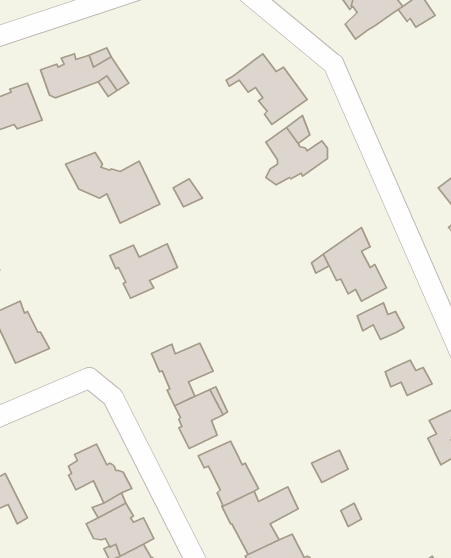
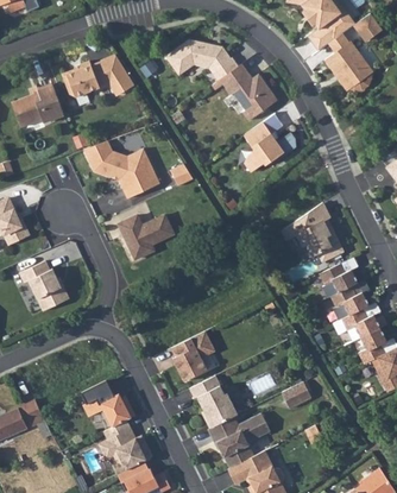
building: none -> [323,33,371,91]
building: none -> [165,37,238,80]
building: none -> [329,286,367,315]
building: [152,343,213,406] -> none
building: none -> [358,328,385,365]

